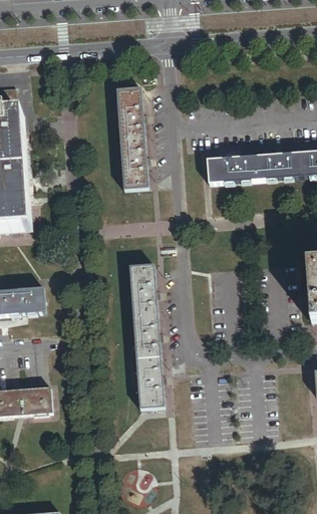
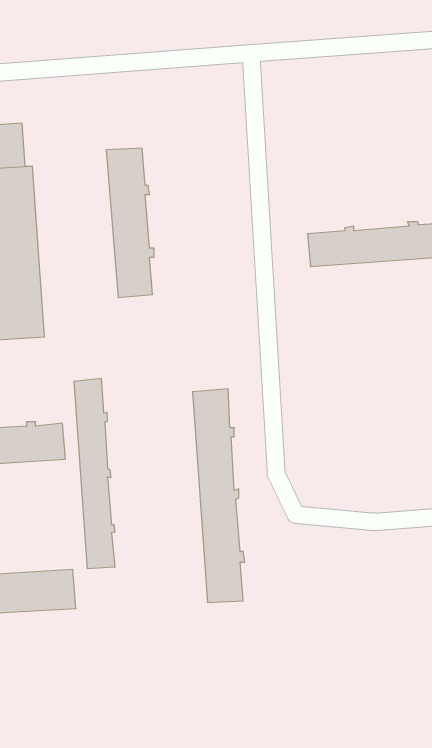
building: [116,88,148,189] -> [106,148,154,297]
building: none -> [74,378,115,569]

